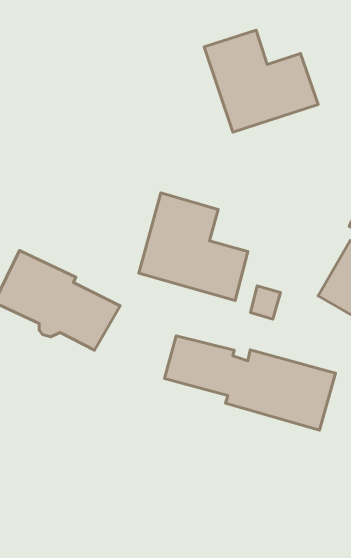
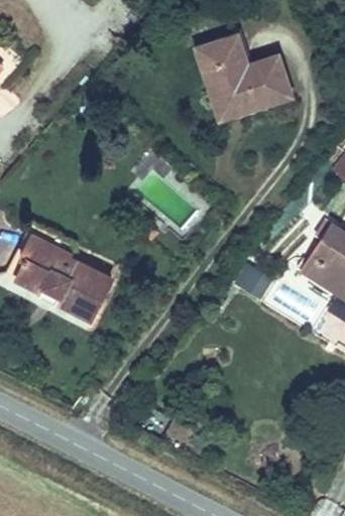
building: [139,193,248,301] -> none
building: [165,336,336,430] -> none

